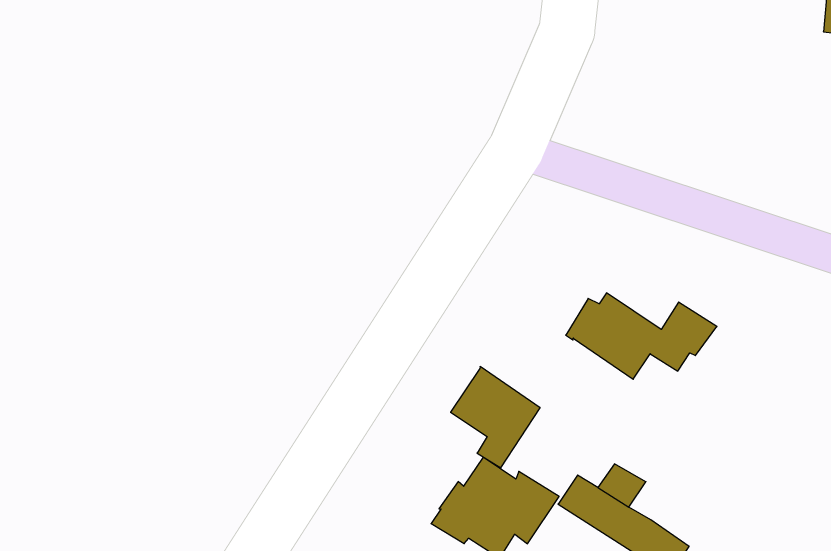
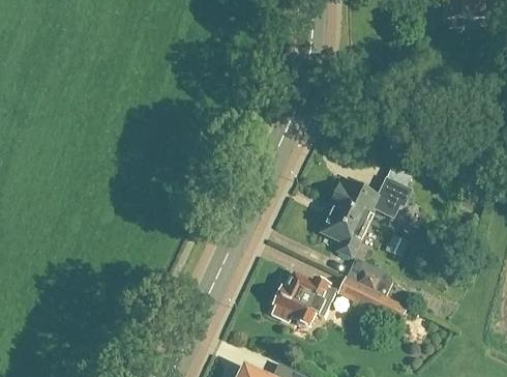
building: [451,367,540,468] -> [321,203,367,255]

